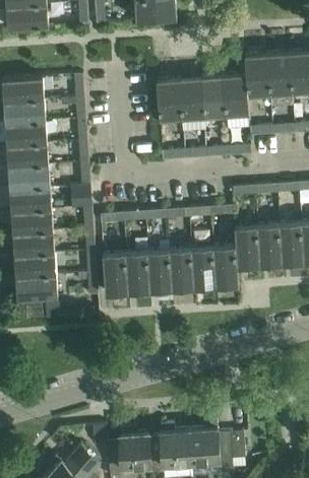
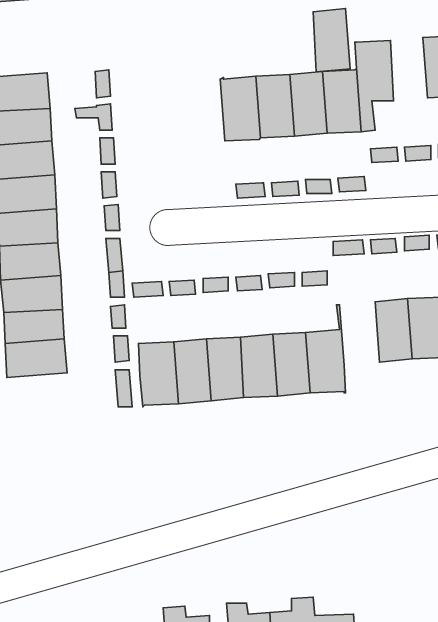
building: [268,54,293,95] -> [313,9,350,72]
building: [235,227,261,269] -> none
building: [16,274,59,301] -> none

